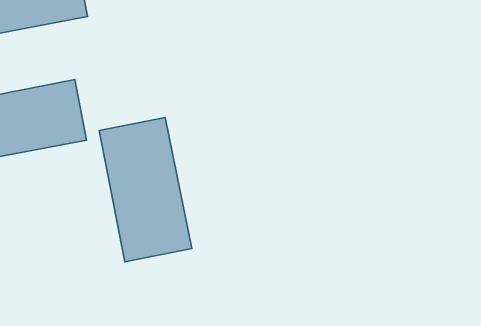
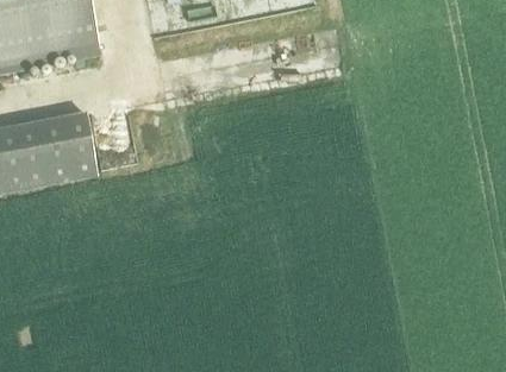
building: [99,118,192,262] -> none

